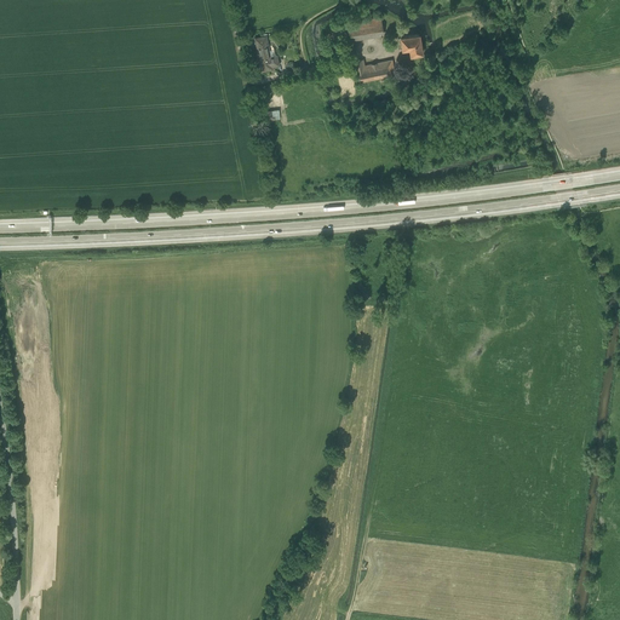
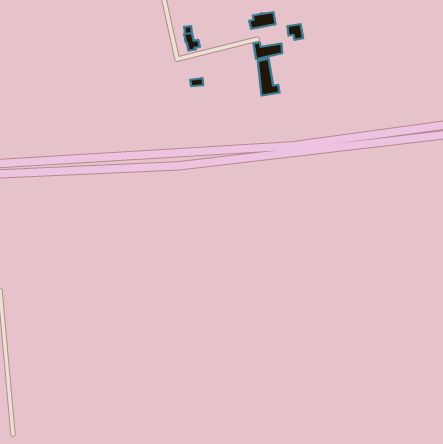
building: none -> [258,59,280,96]

